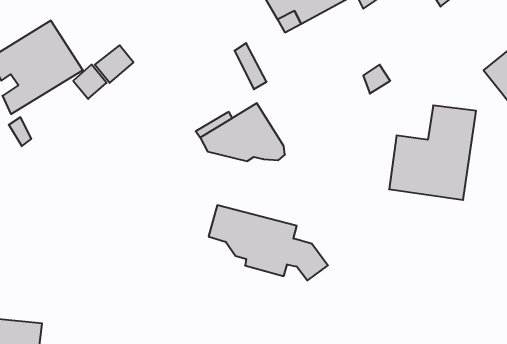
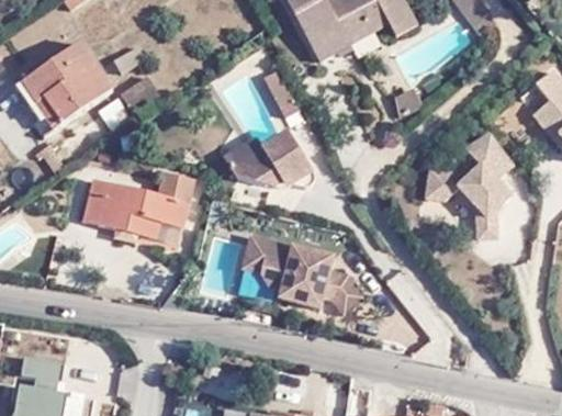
building: none -> [86,175,195,237]

